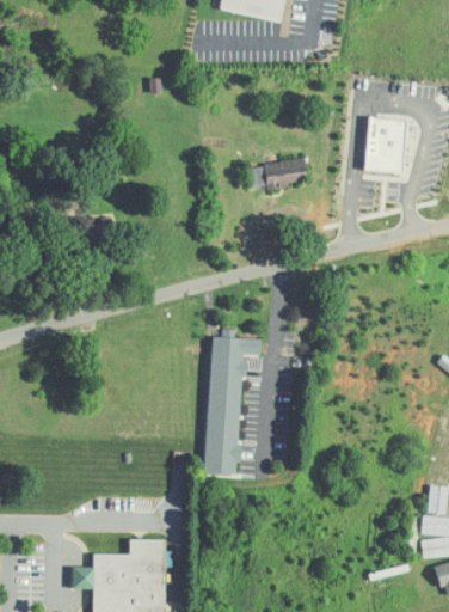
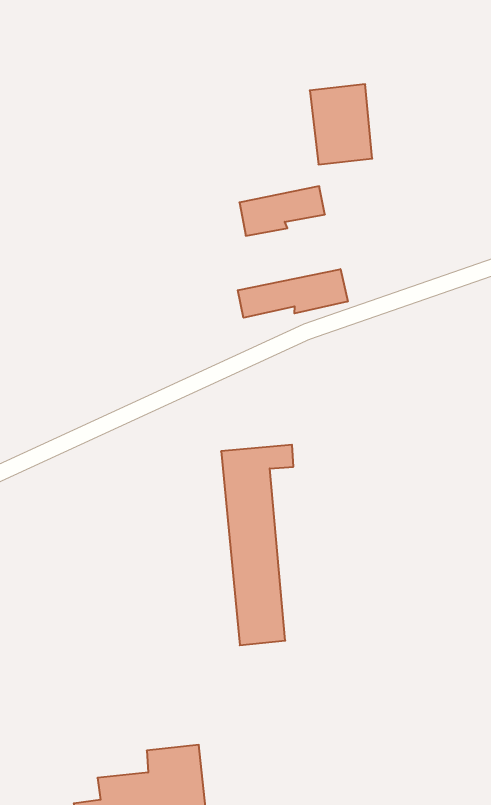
building: [365,118,406,172] -> [310,84,372,164]
building: none -> [238,269,348,318]

